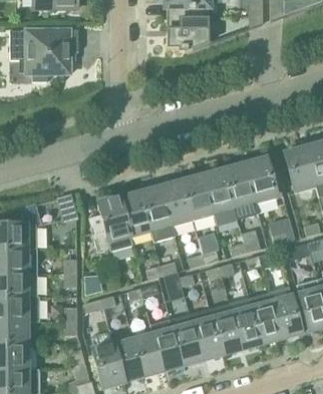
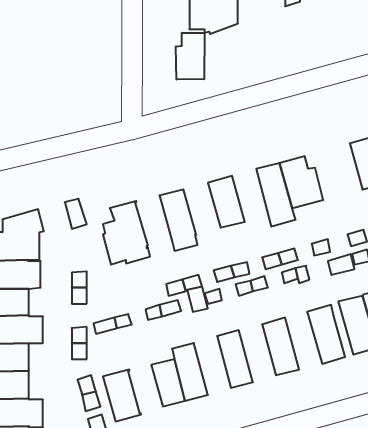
building: [10,28,78,80] -> none
building: none -> [176,33,204,80]
building: [285,146,317,191] -> none
building: [204,168,238,225] -> none
building: [162,180,194,226] -> none
building: [119,191,151,238] -> none
building: [250,293,282,343] -> none
building: [210,304,242,354] -> none
building: [171,314,203,365] -> none
building: [113,339,143,381] -> none

